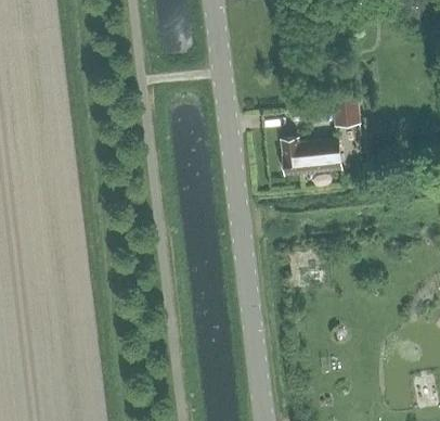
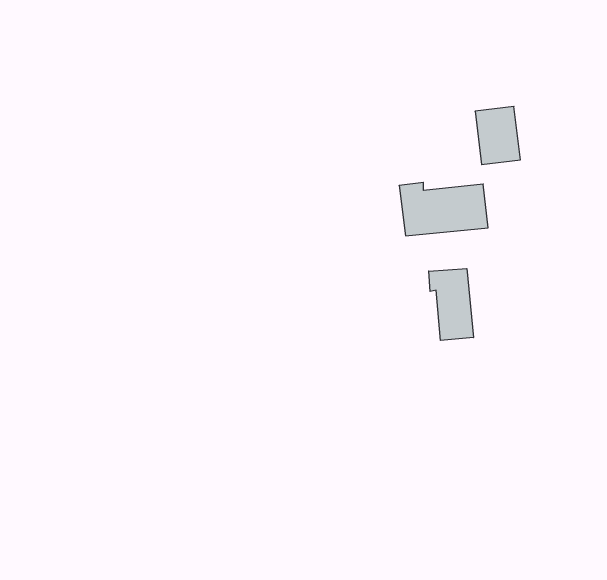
building: none -> [429,269,473,340]

